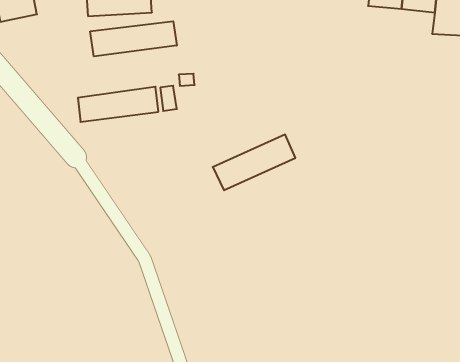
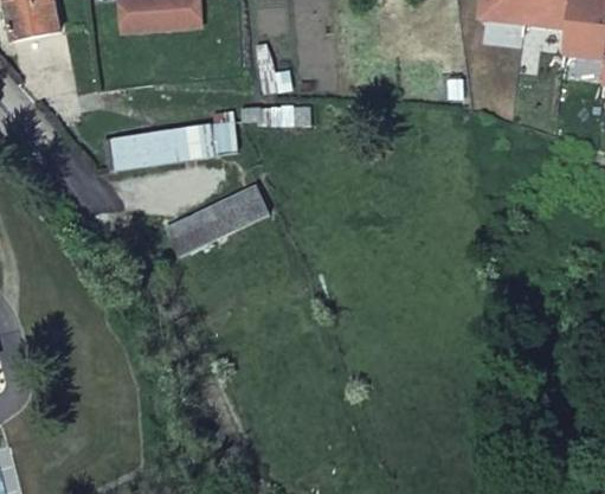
building: [90,21,177,56] -> none
building: [213,135,295,190] -> [163,182,269,254]

